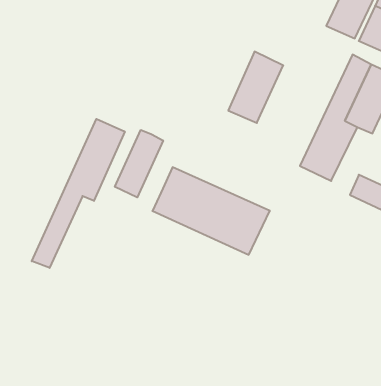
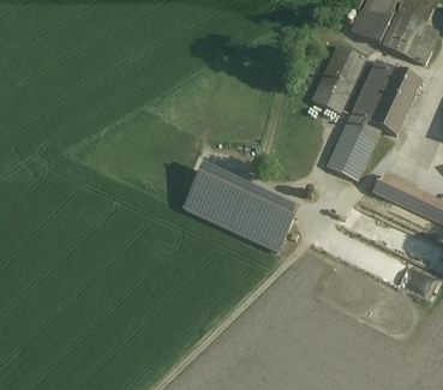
building: [228,52,283,123] -> [312,43,365,112]
building: [32,119,125,268] -> none
building: [115,130,163,197] -> none

